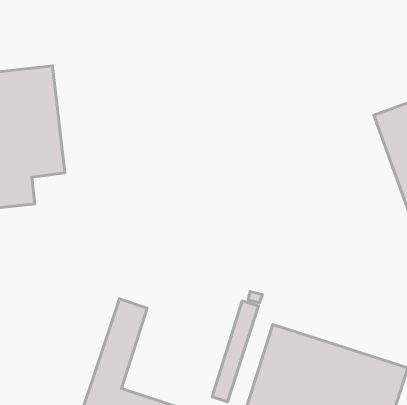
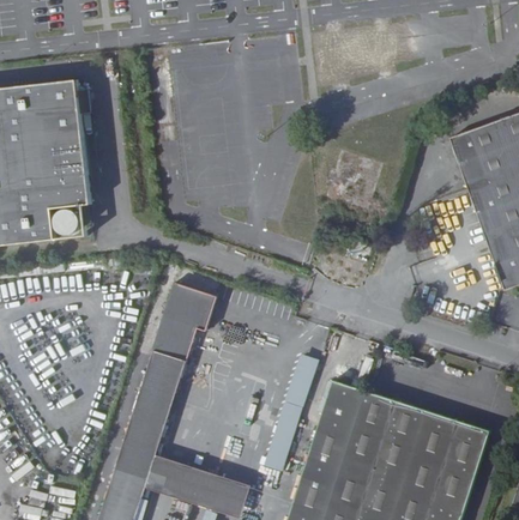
building: none -> [152,283,217,361]

